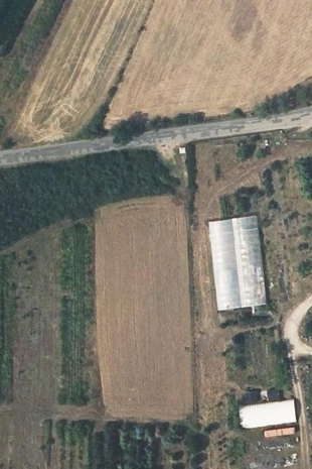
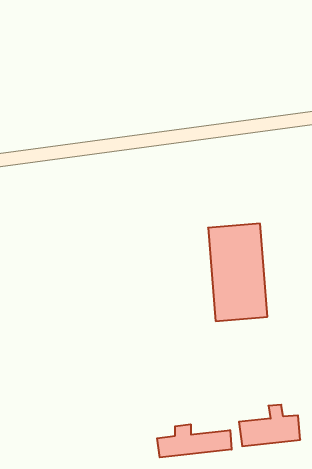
building: none -> [157,424,232,457]

